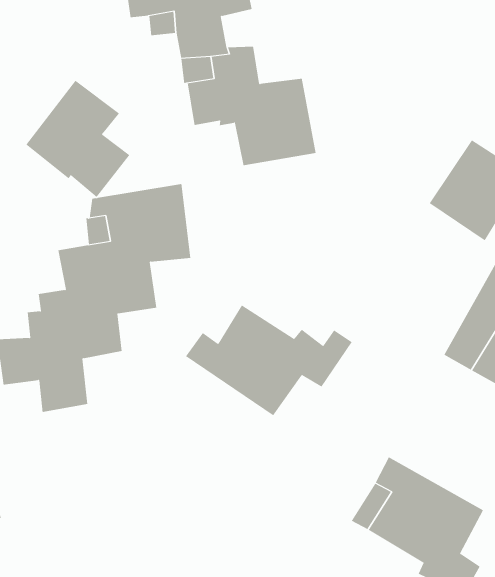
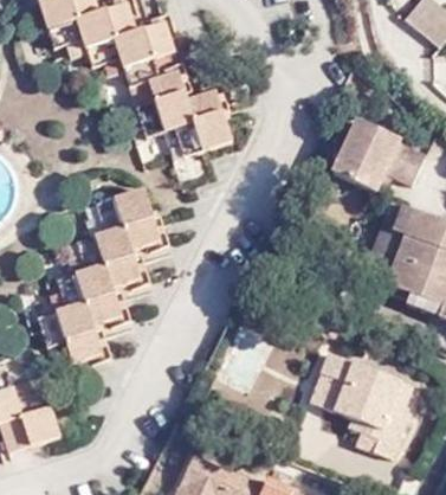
building: [25,80,130,198] -> none
building: [185,305,353,416] -> none

